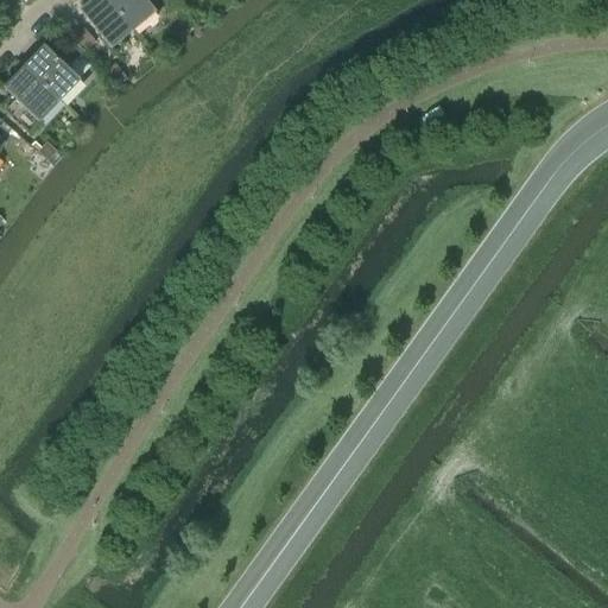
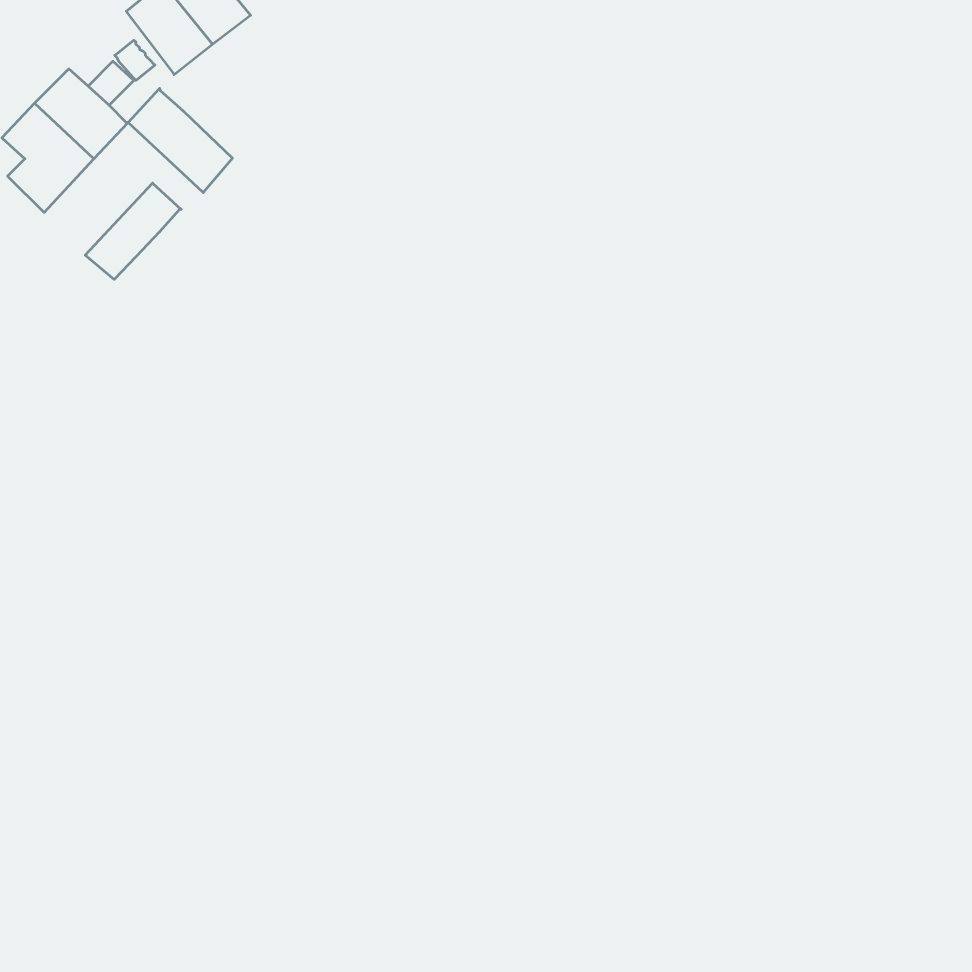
building: none -> [128,88,232,193]
building: none -> [85,183,181,279]

